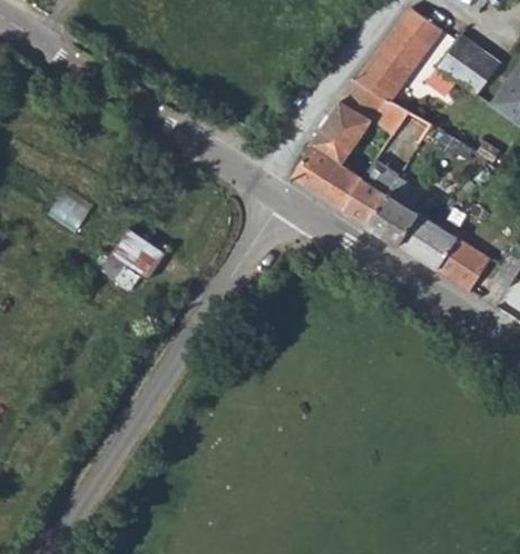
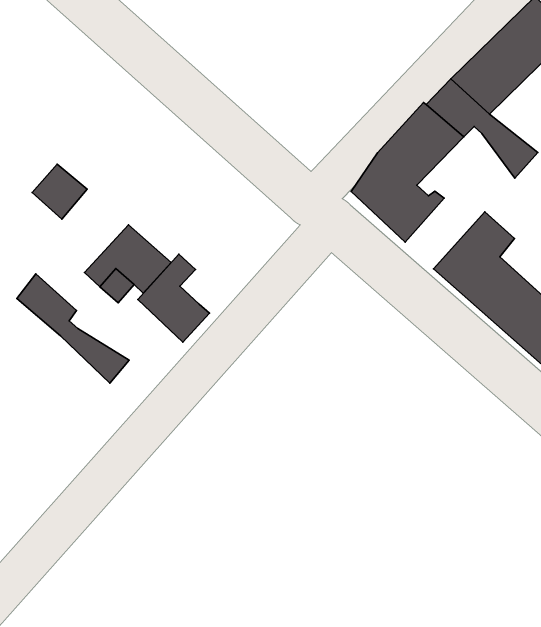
building: [340,170,396,226] -> none
building: none -> [138,254,210,342]
building: none -> [17,274,129,383]

